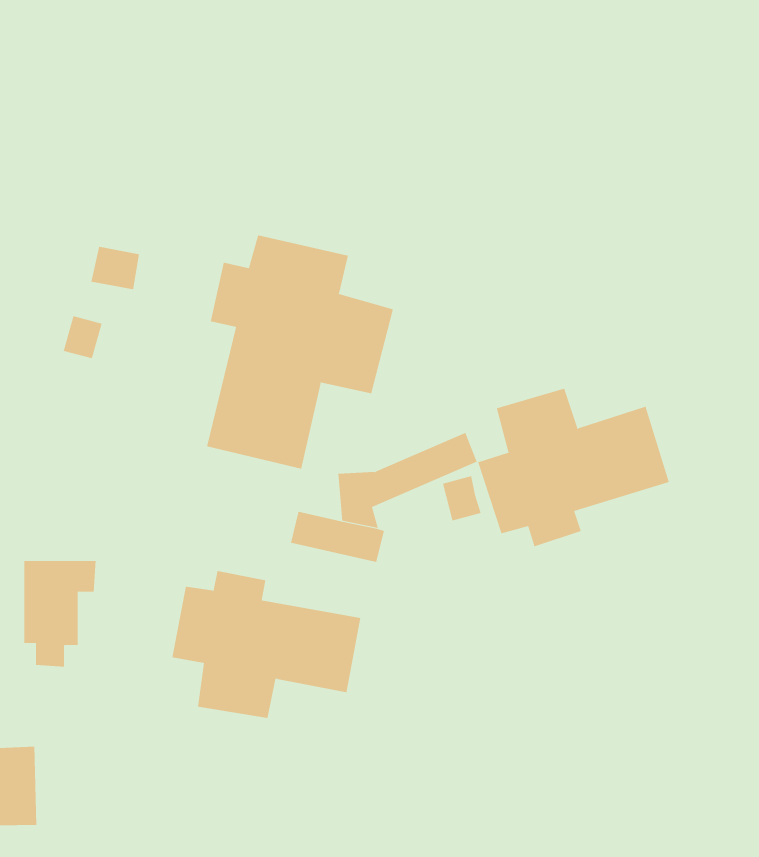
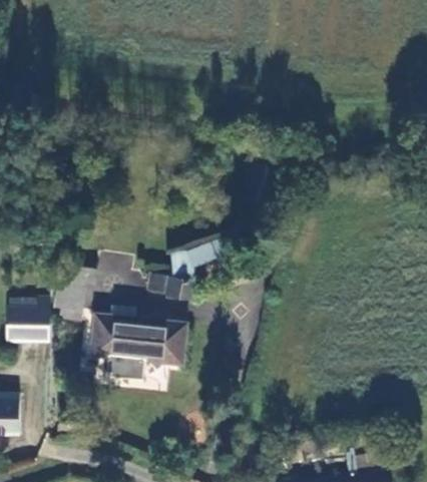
building: [206,235,393,469] -> none
building: [478,388,670,547] -> none

